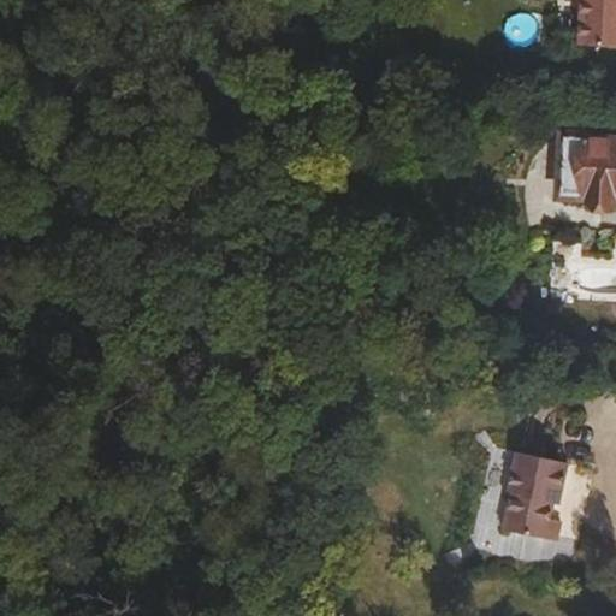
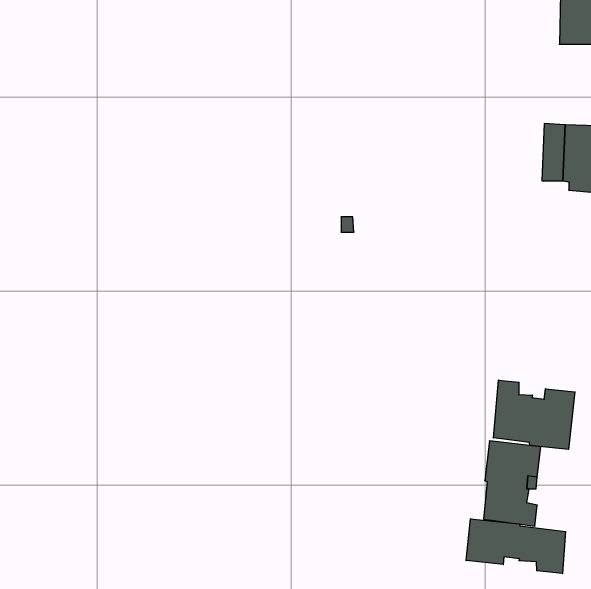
building: none -> [493,380,575,449]
building: none -> [466,519,566,574]

